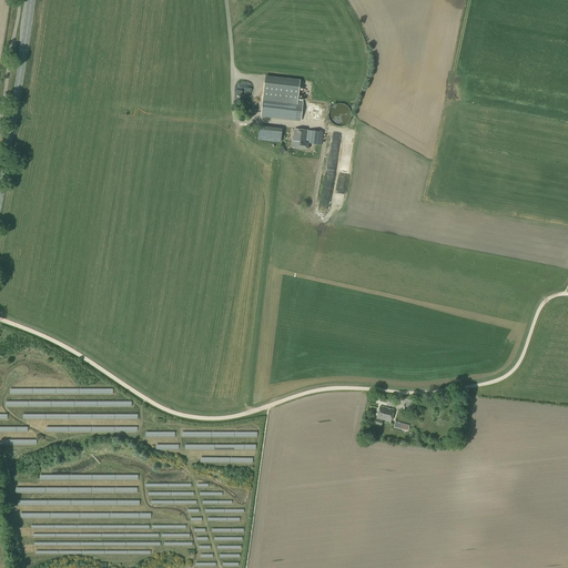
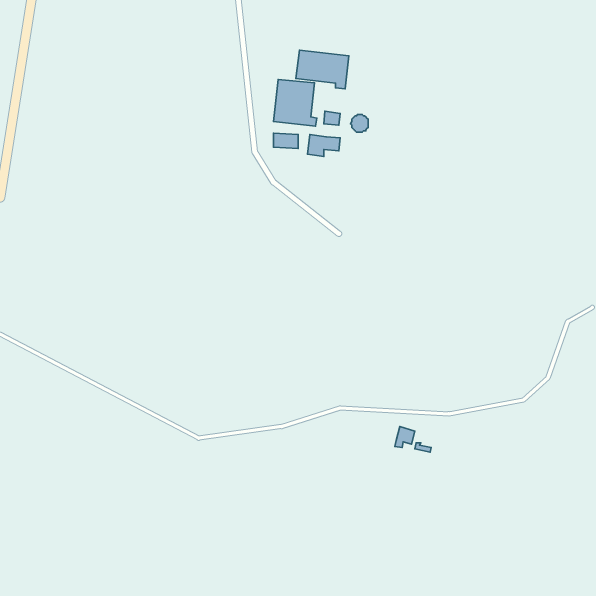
building: none -> [296,50,349,89]

